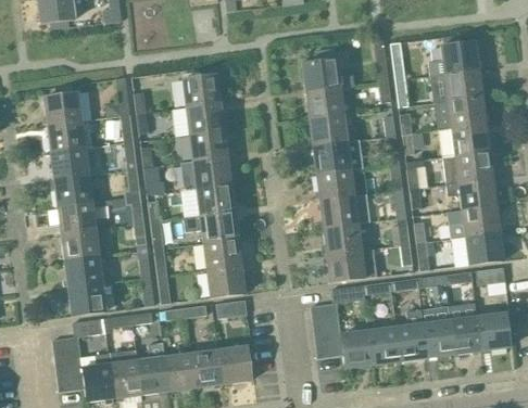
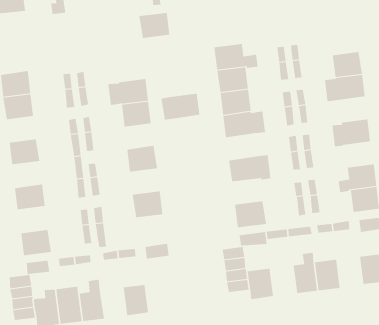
building: [429,40,477,75] -> none
building: [181,73,219,104] -> [139,12,170,38]
building: [438,122,488,156] -> none
building: [50,145,87,177] -> none
building: [181,154,229,187] -> [161,93,200,120]
building: [315,166,354,199] -> none
building: [447,176,495,207] -> none
building: [56,200,95,232] -> none
building: [184,208,237,240] -> none
building: [323,220,361,252] -> none
building: [63,254,101,286] -> none
building: [206,264,243,295] -> none
building: [450,315,481,353] -> none
building: [369,326,401,362] -> none
building: [218,345,251,382] -> none
building: [164,352,196,390] -> none

